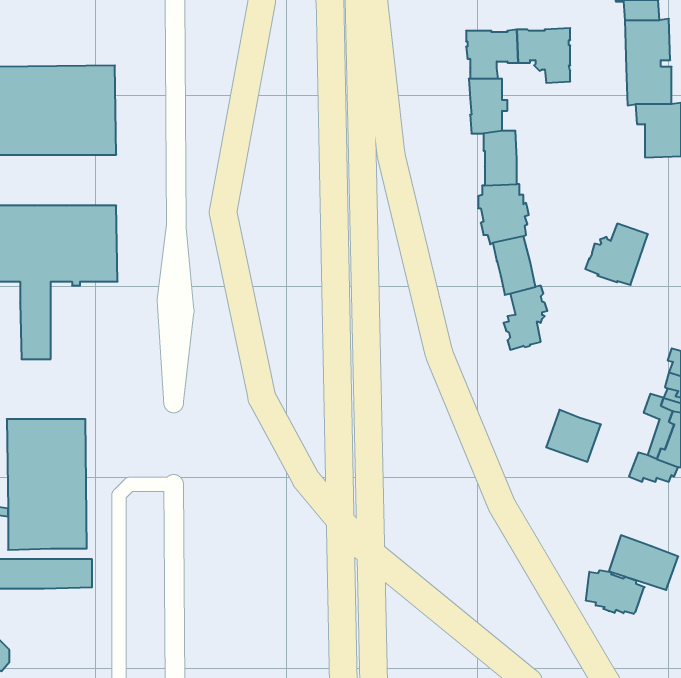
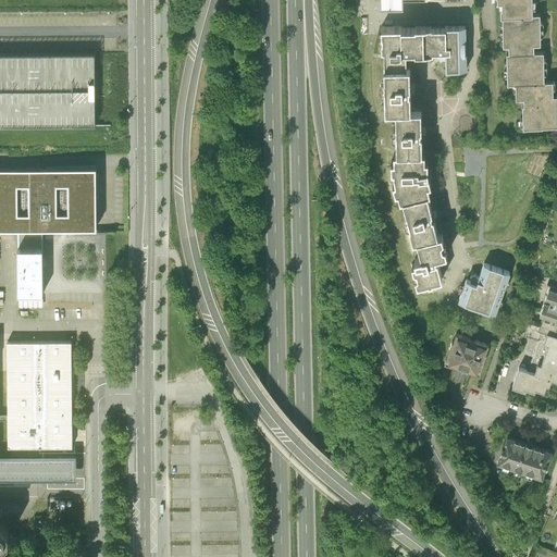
building: [585,224,648,285] -> [457,265,508,315]
building: [586,570,645,614] -> none

